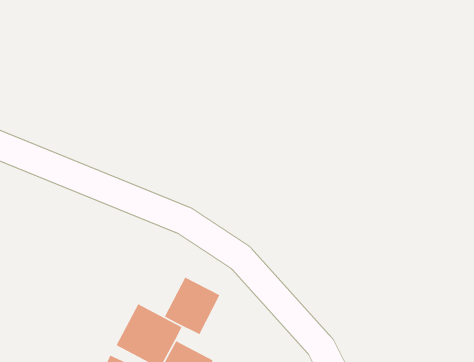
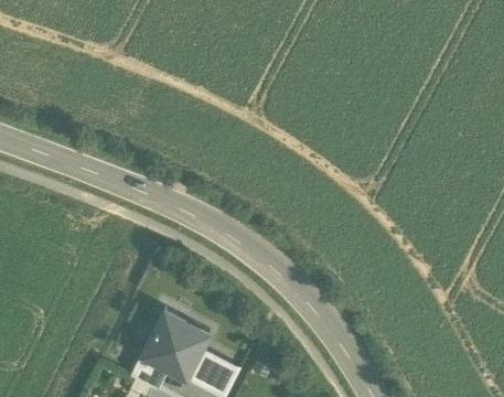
building: [164,276,221,335] -> none

